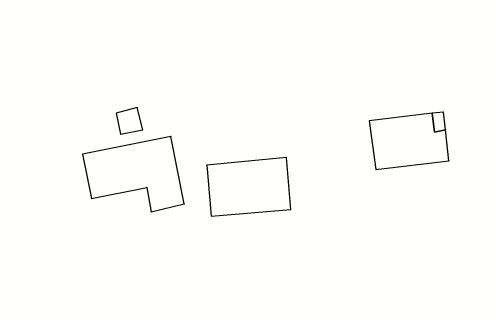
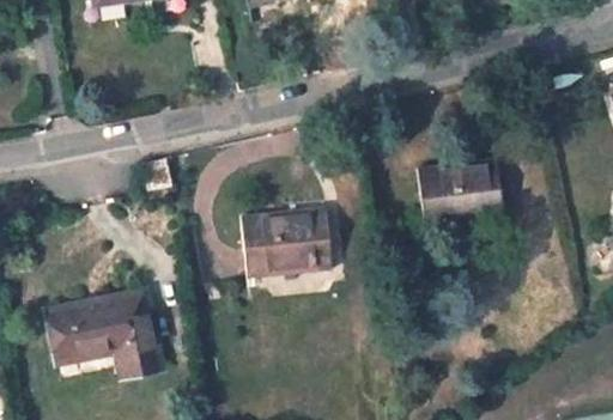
building: [83,136,184,212] -> [48,293,158,375]

